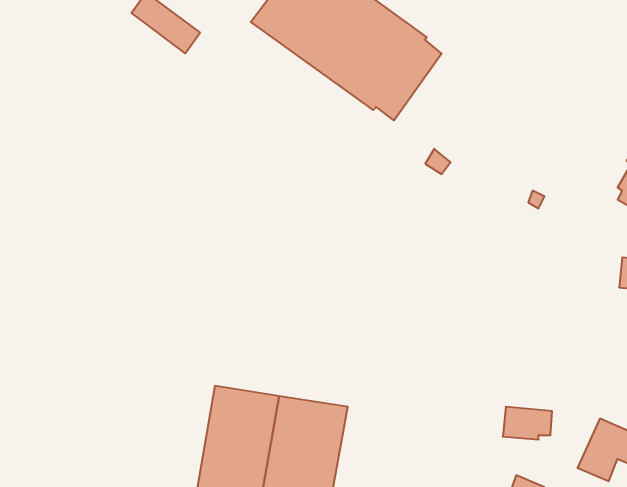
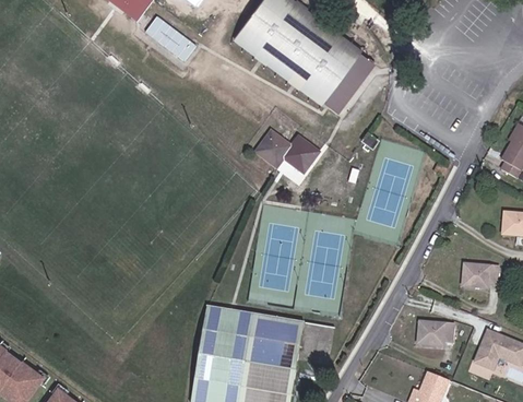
building: none -> [255,132,318,173]
building: none -> [462,264,498,287]

